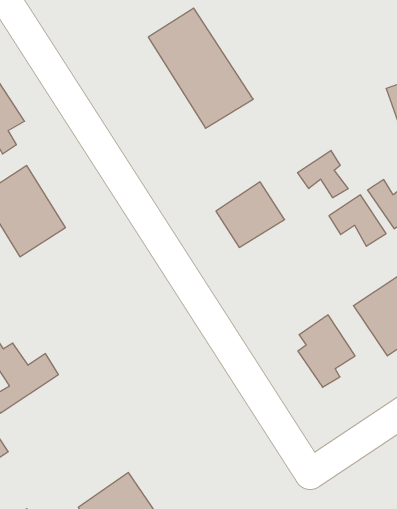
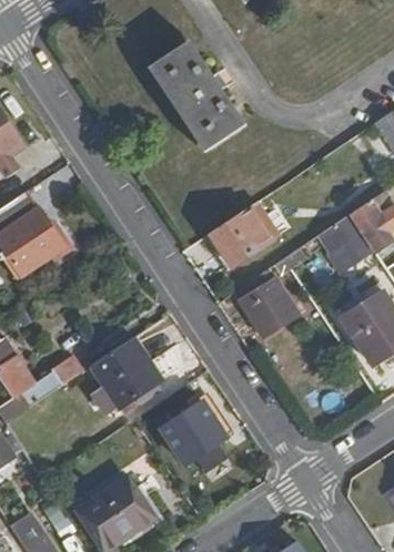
building: [298,150,348,198] -> none
building: [298,315,355,387] -> [241,266,295,335]
building: none -> [85,336,158,410]
building: none -> [161,400,226,463]

